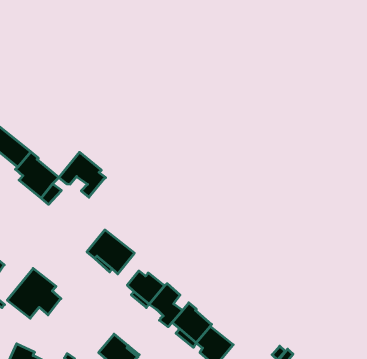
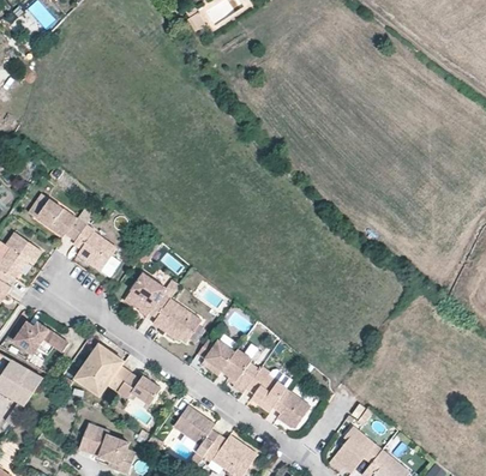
building: [59,152,106,197] -> [124,272,172,318]
building: none -> [118,373,162,405]

